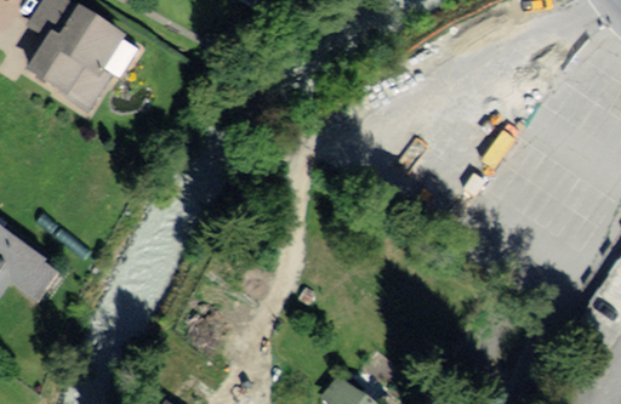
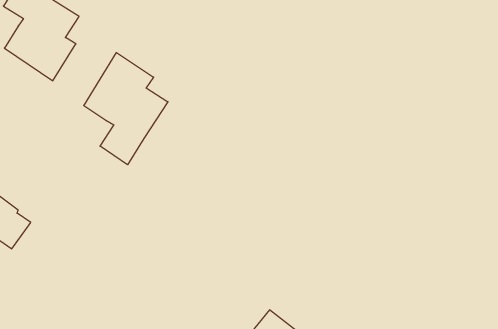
building: none -> [84,53,168,165]

